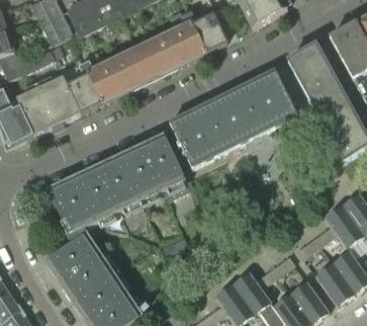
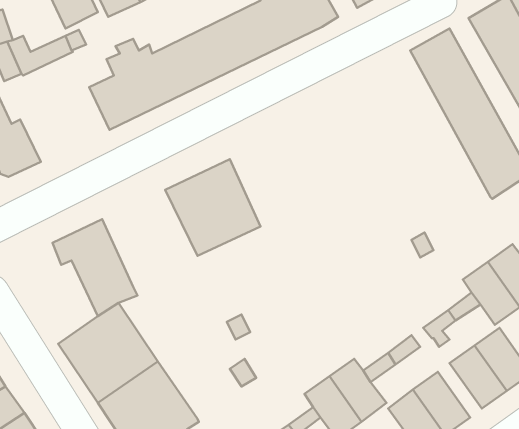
building: [169,69,297,167] -> none
building: [16,76,81,136] -> none
building: [76,155,142,222] -> none

